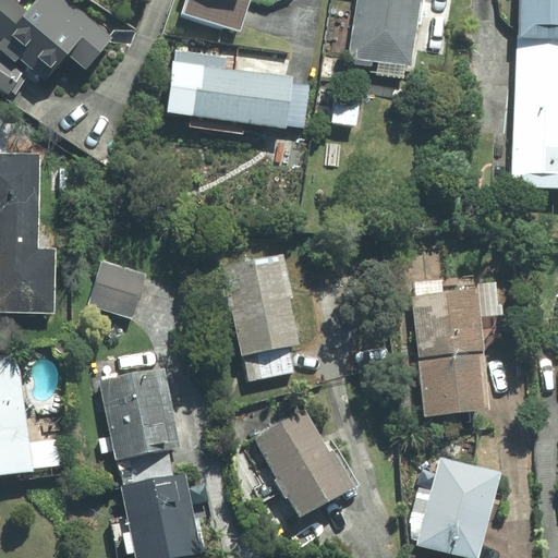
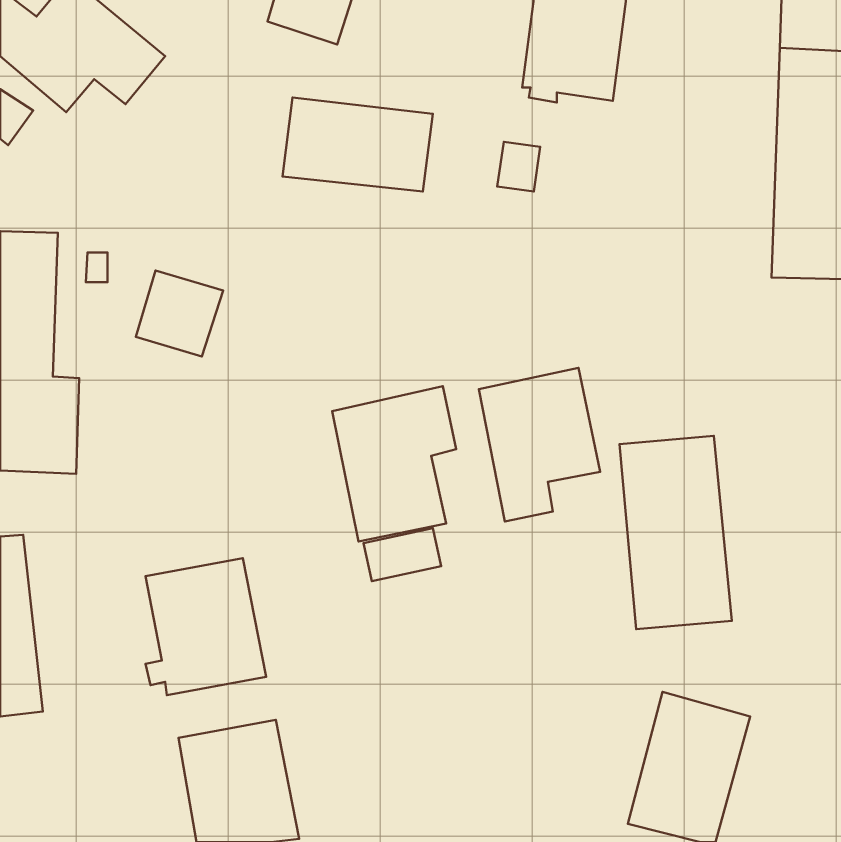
building: none -> [479,368,600,521]
building: [87,259,145,316] -> [136,271,223,357]
building: [255,413,357,518] -> none

